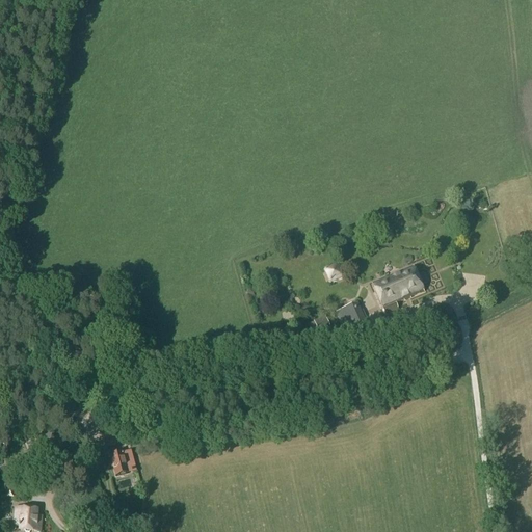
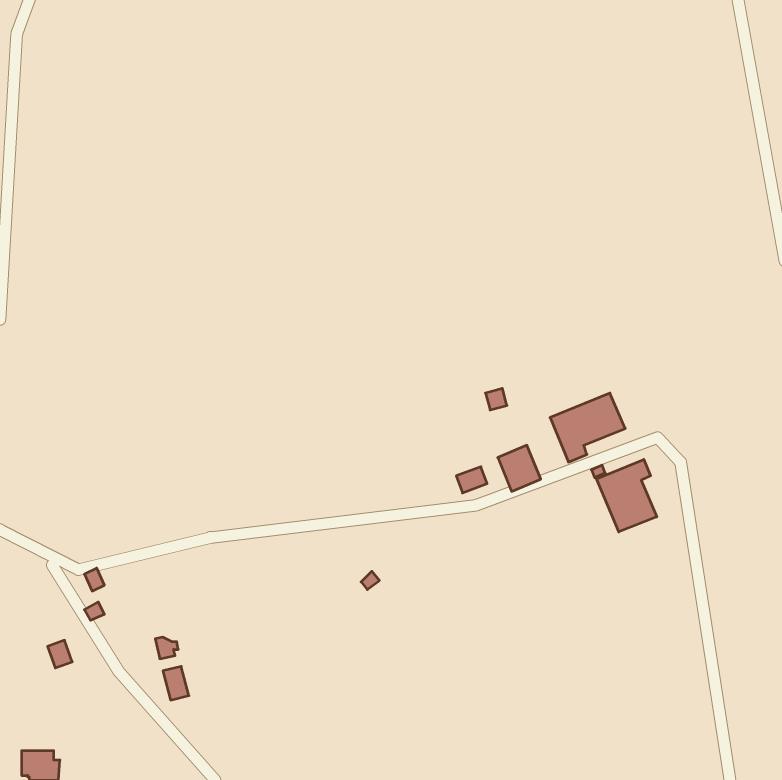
building: none -> [597,459,657,532]

